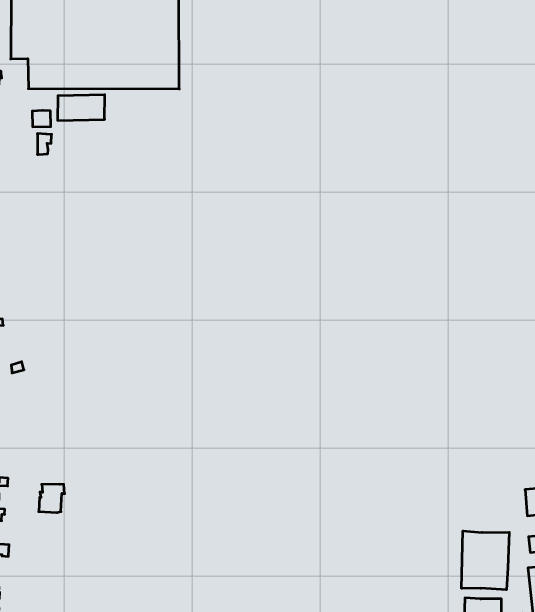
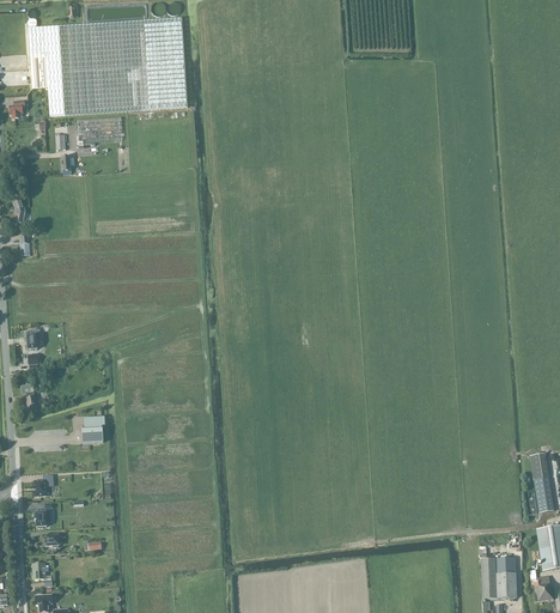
building: [39,484,65,513] -> [84,415,106,442]
building: [462,531,509,590] -> none

